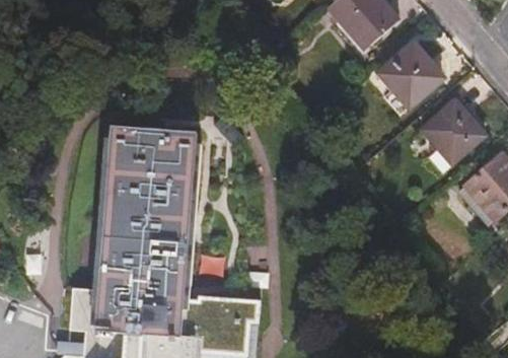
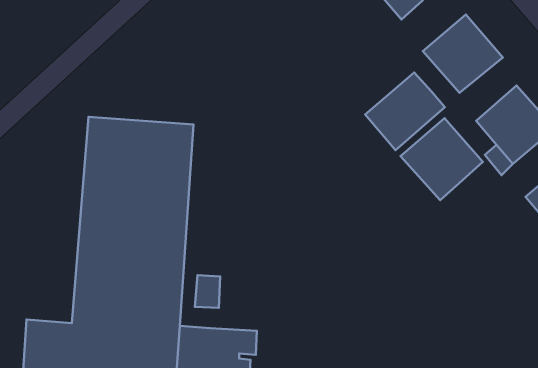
building: none -> [365,73,445,150]
building: none -> [400,118,483,200]

